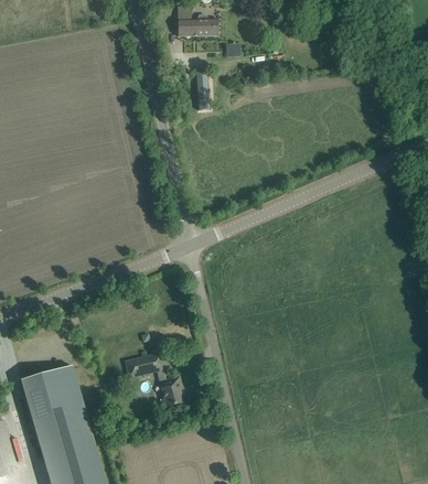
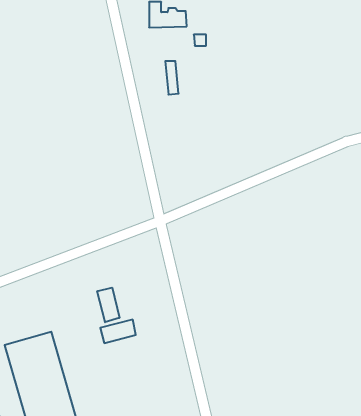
building: none -> [97,288,119,322]
building: [160,376,183,406] -> none

